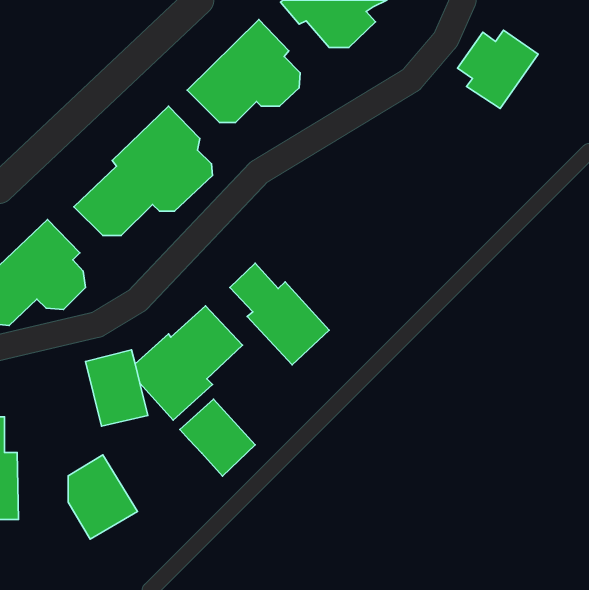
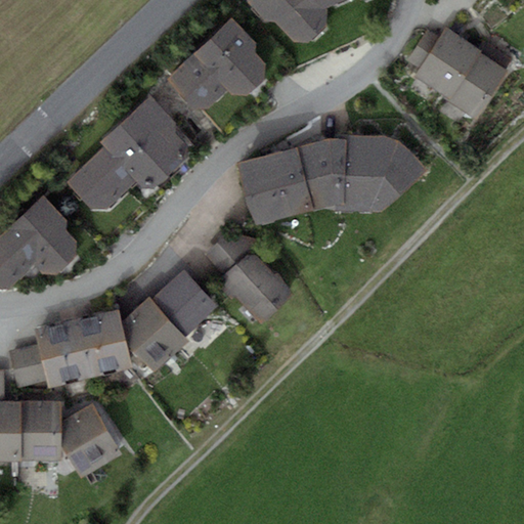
building: none -> [443,40,511,119]
building: none -> [237,134,426,225]
building: none -> [8,320,90,388]
building: [180,399,255,476] -> none
building: none -> [15,400,61,461]

